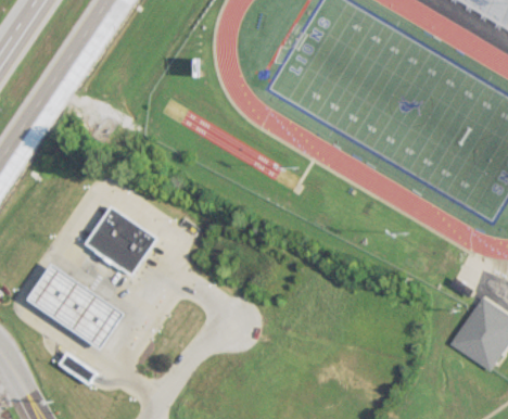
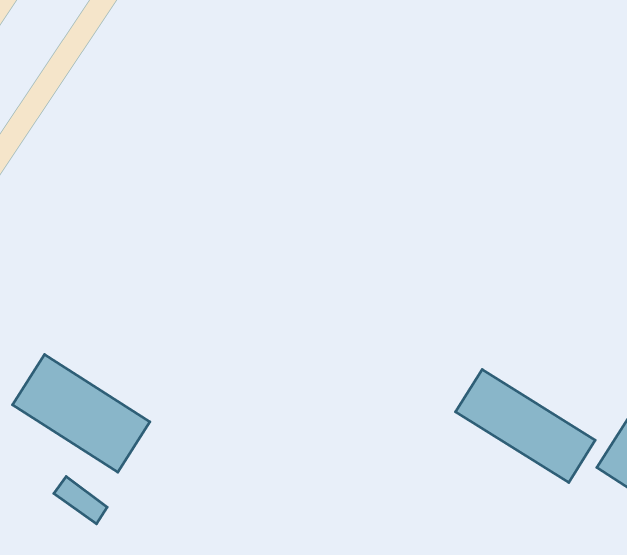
building: [84,207,157,278] -> none
building: none -> [456,370,595,482]

